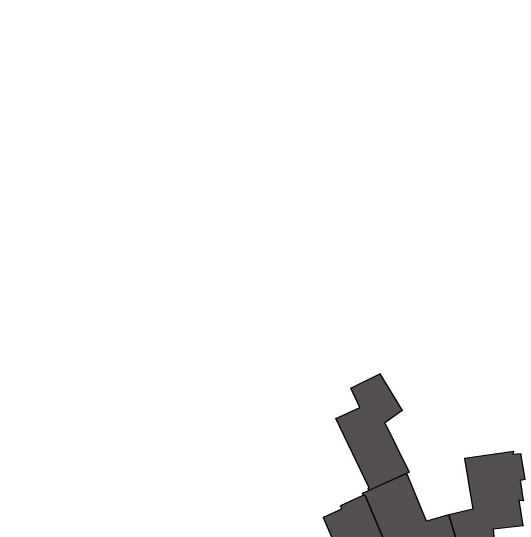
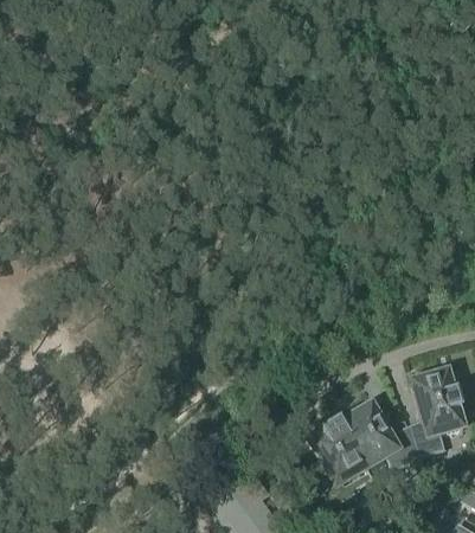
building: [336,374,409,491] -> none

